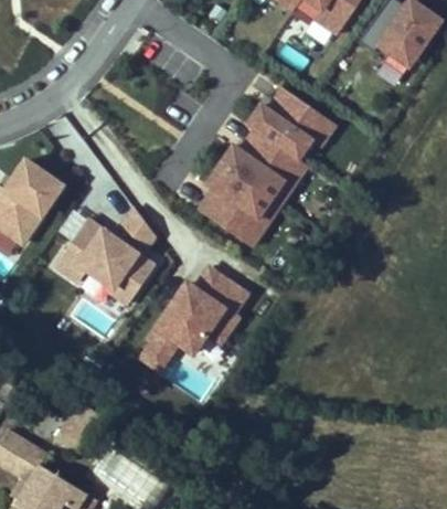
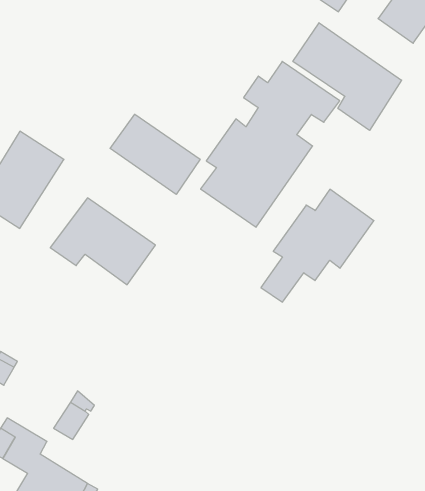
building: none -> [293,23,402,130]
building: none -> [110,114,200,194]
building: [138,264,248,374] -> [261,189,374,302]

